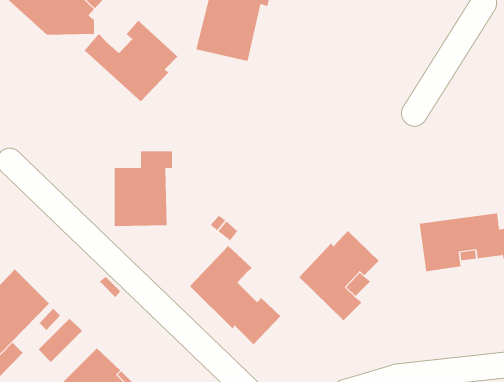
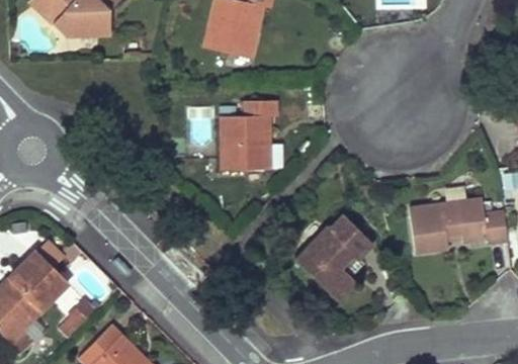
building: [84,20,178,102] -> none
building: [114,151,173,226] -> [221,100,275,170]
building: [189,245,281,345] -> none

